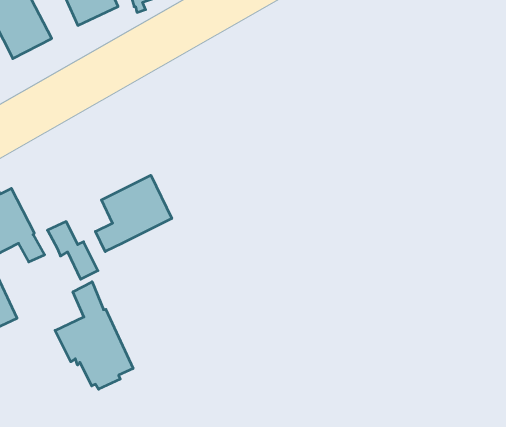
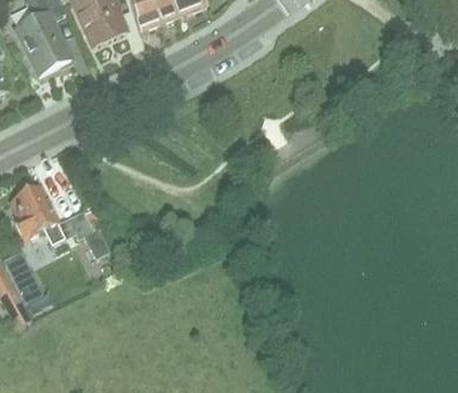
building: [95,175,172,252] -> none
building: [55,282,133,389] -> none

